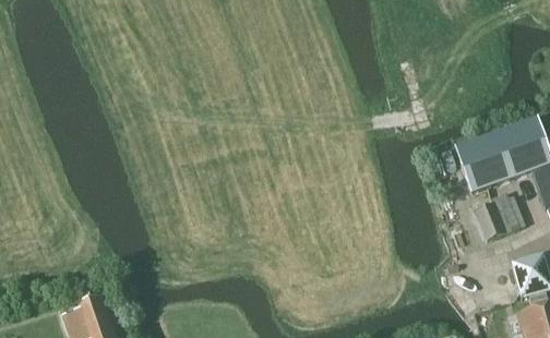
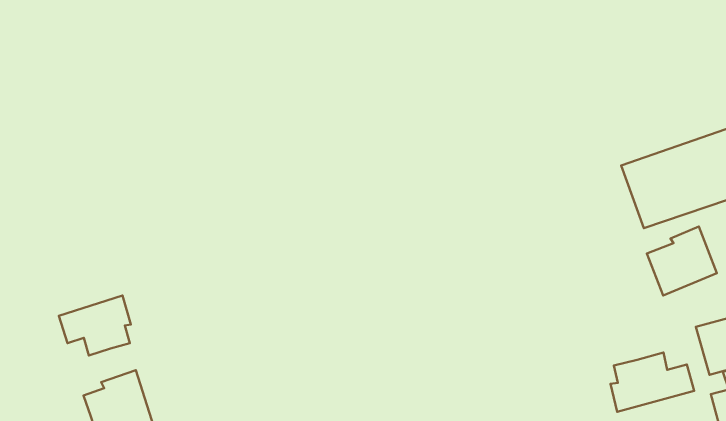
building: none -> [59,296,131,356]
building: none -> [611,353,694,412]

